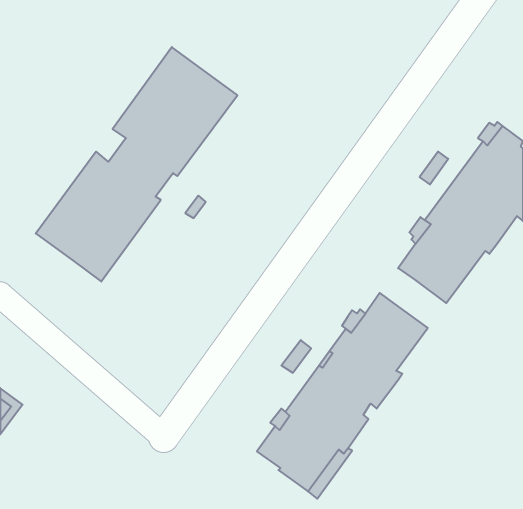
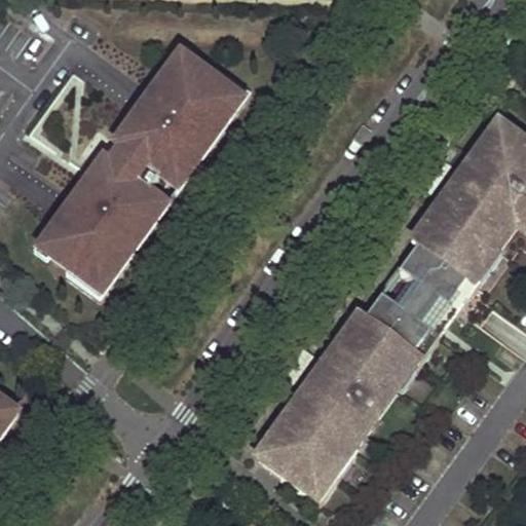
building: none -> [69,69,255,293]
building: none -> [397,247,501,384]

